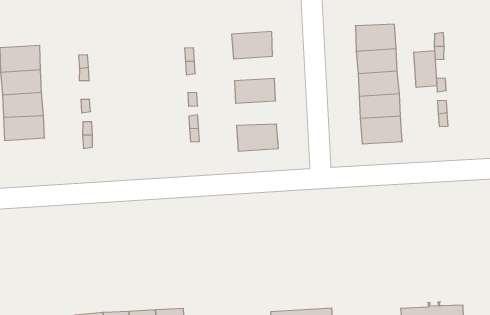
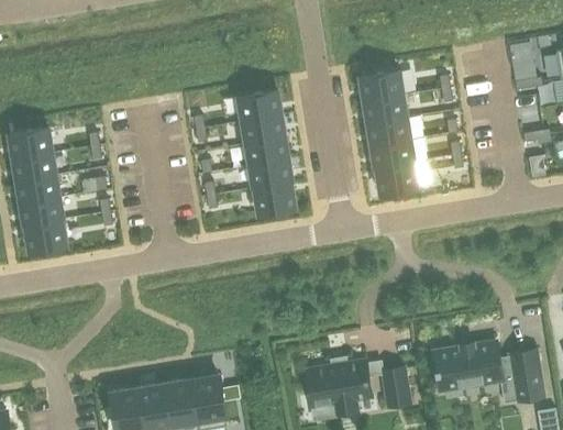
building: [414,51,437,88] -> none
building: none -> [242,115,285,144]
building: none -> [249,159,291,188]
building: none -> [23,220,67,251]

